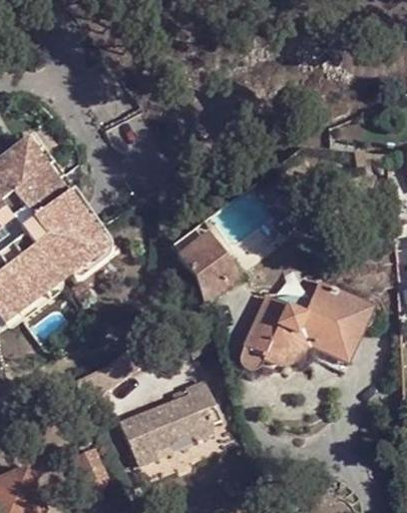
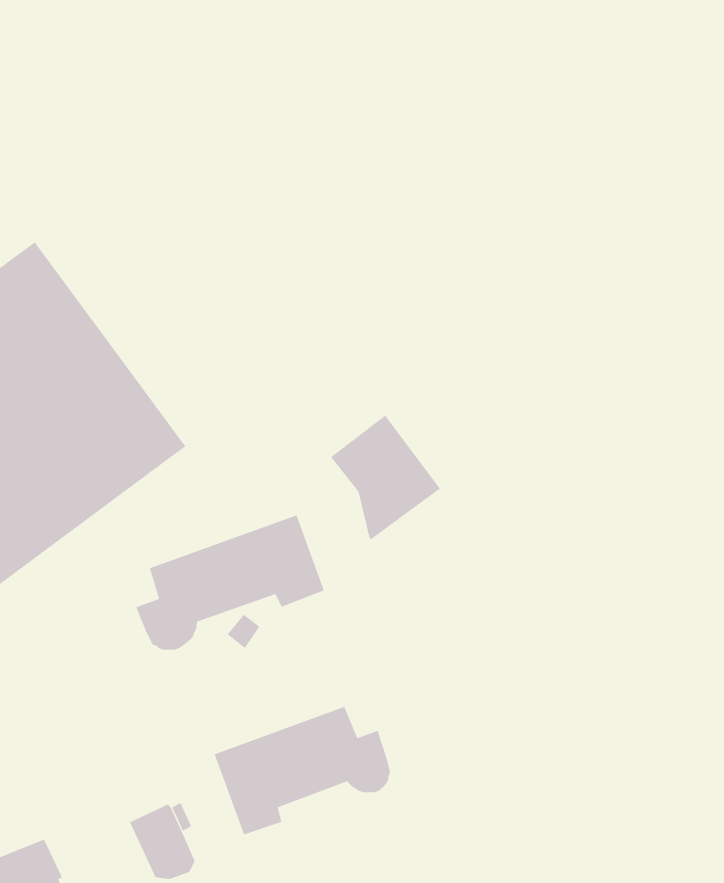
building: [246,279,376,362] -> none
building: none -> [136,515,324,651]

